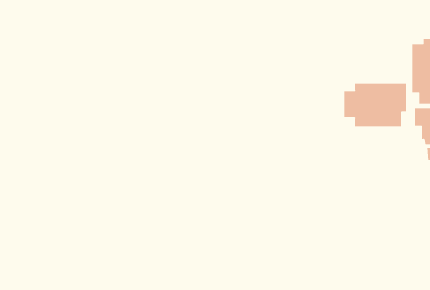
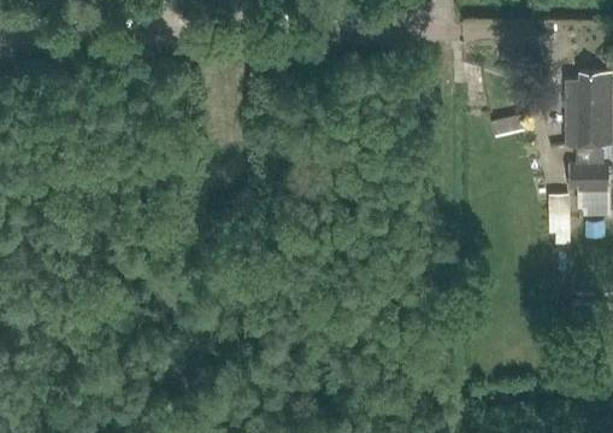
building: [344,83,407,127] -> none

